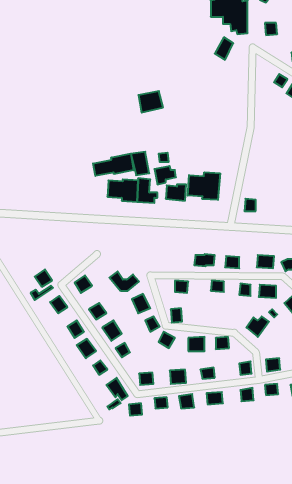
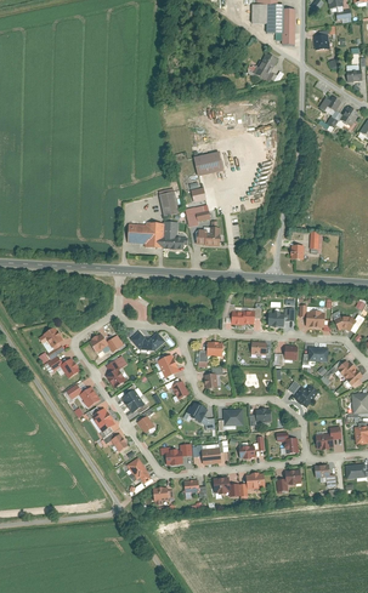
building: [138,91,163,113] -> [194,150,223,176]
building: [93,154,134,176] -> none
building: [188,172,220,200] -> none

